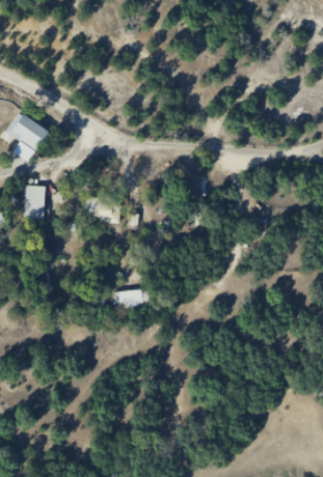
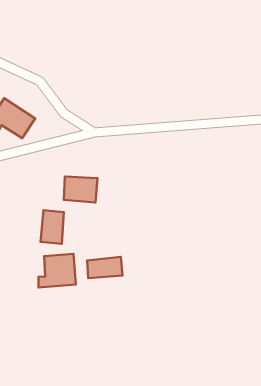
building: [21,185,47,222] -> [41,210,64,244]
building: none -> [38,254,76,288]

